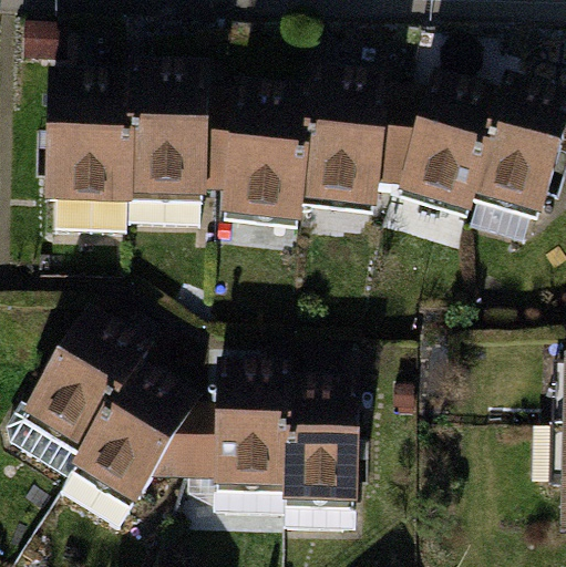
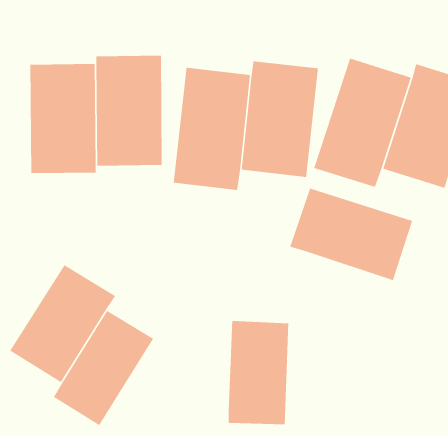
building: none -> [289,187,413,281]
building: [212,386,285,512] -> none

